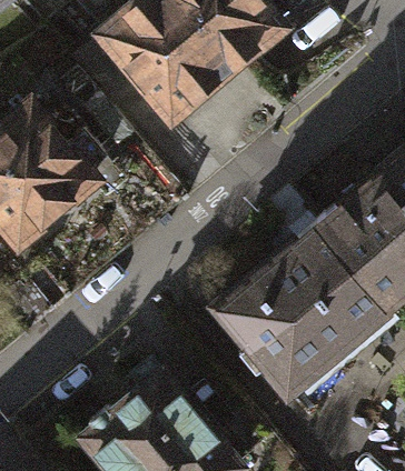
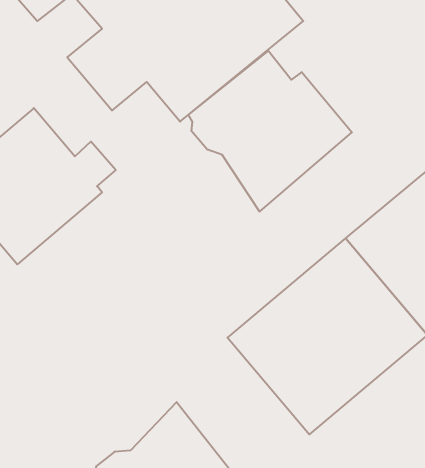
building: none -> [189,51,352,212]

